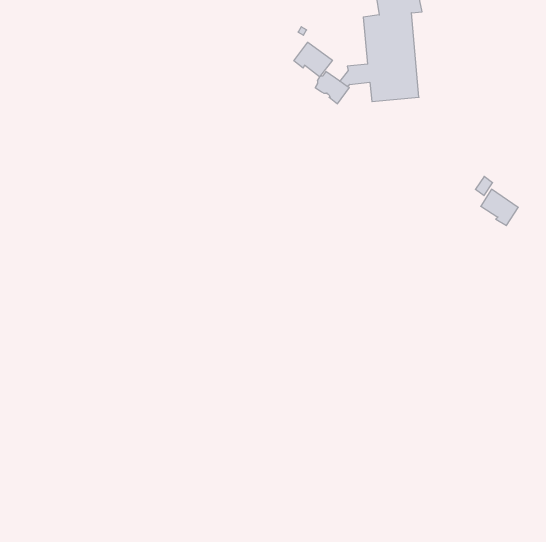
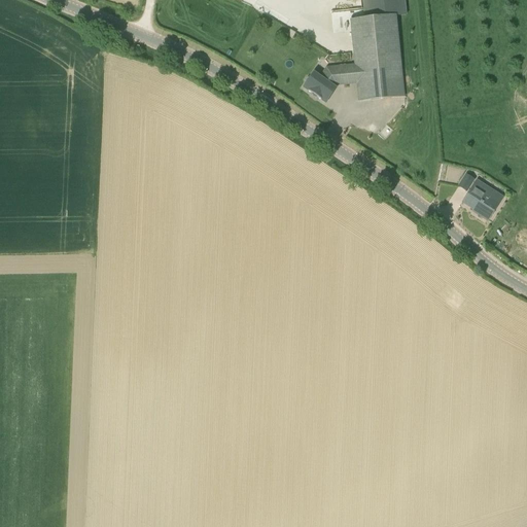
building: [294,42,332,77] -> none

